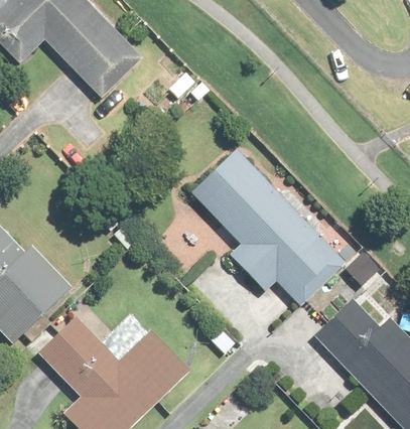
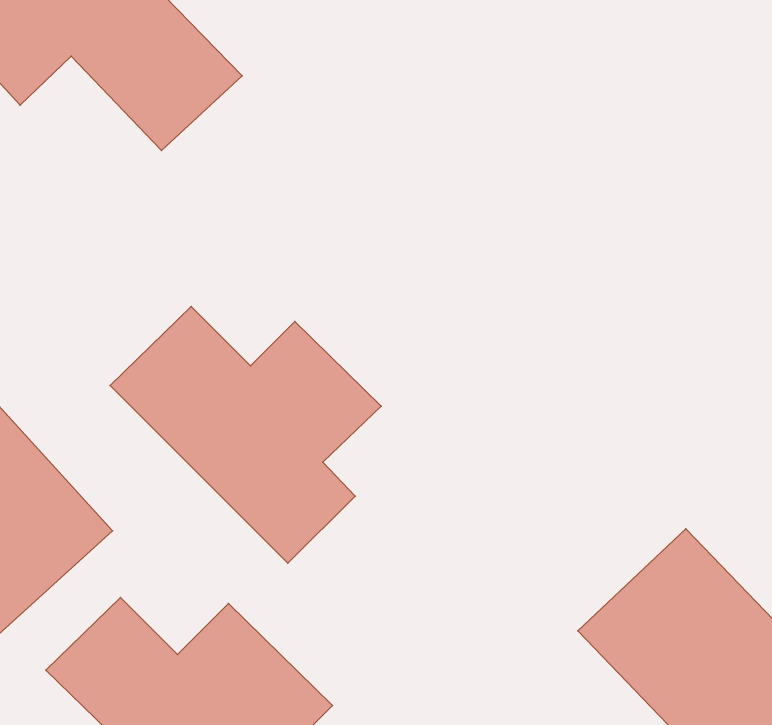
building: [191,145,349,305] -> none
building: none -> [110,306,381,563]

